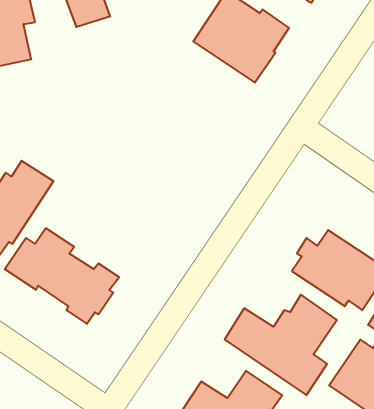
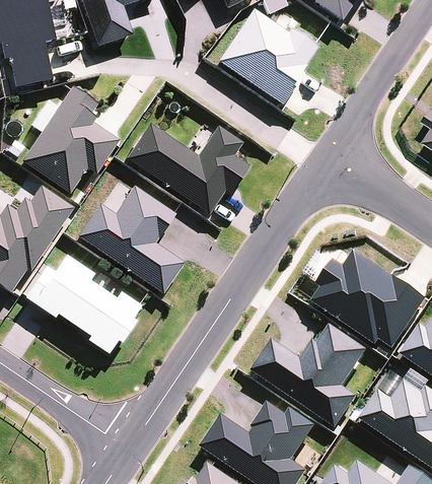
building: none -> [27,81,125,191]
building: none -> [126,123,248,214]
building: none -> [77,185,184,293]

